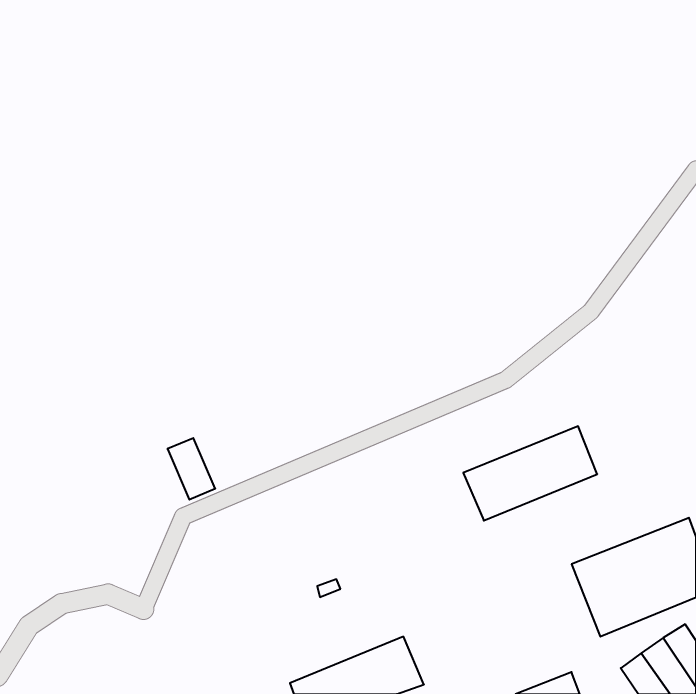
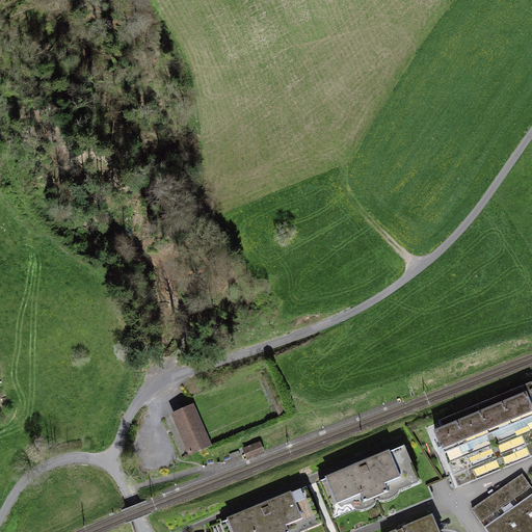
building: [463,426,597,521] -> [319,443,421,514]
building: [167,438,215,500] -> [169,403,206,450]

